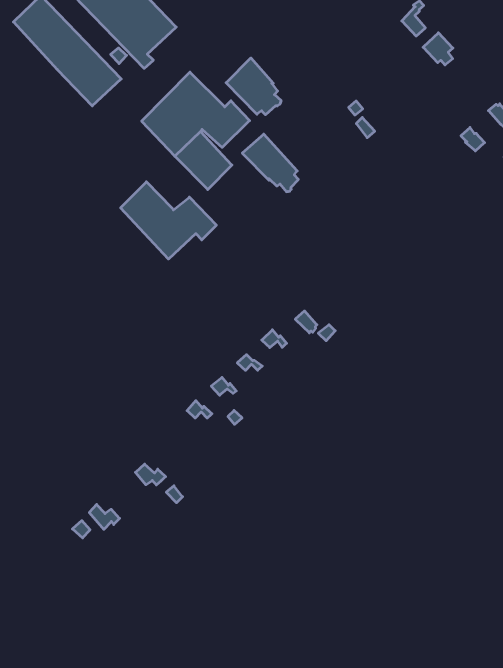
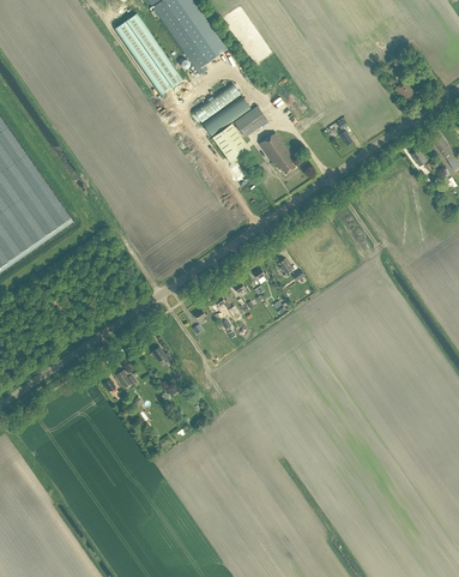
building: [226,58,281,115] -> none
building: [121,182,216,259] -> none

